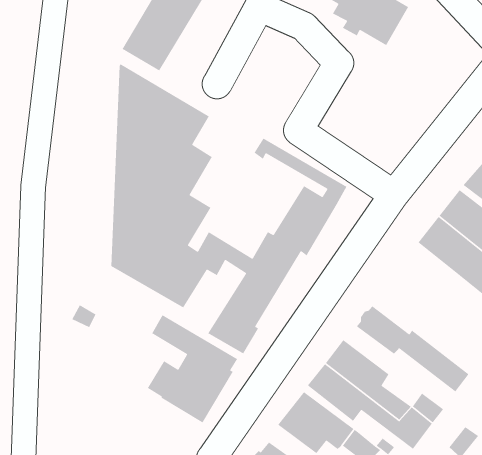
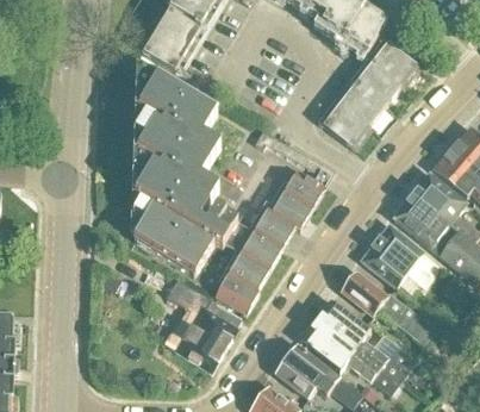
building: none -> [322,42,418,149]
building: none -> [361,224,422,287]

